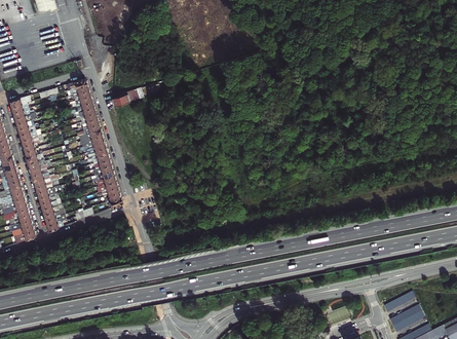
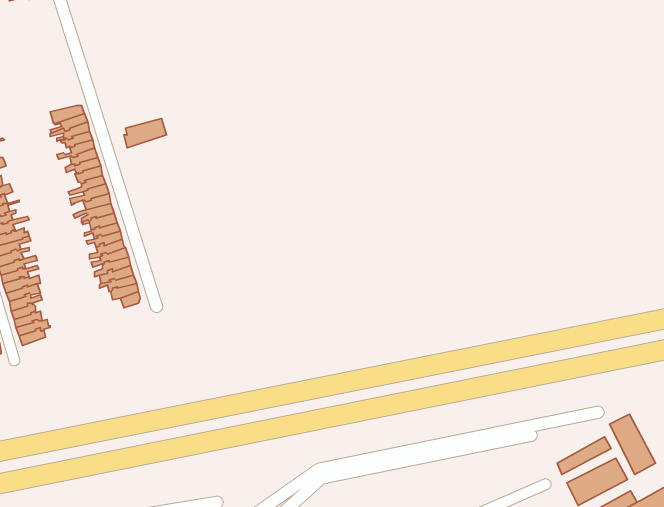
building: none -> [610,414,656,474]

